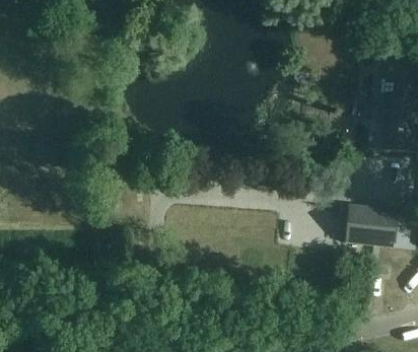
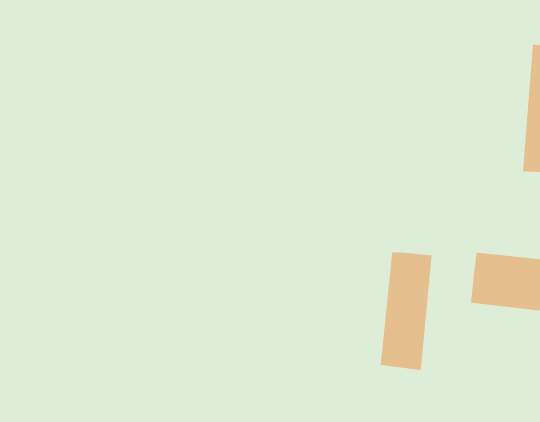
building: none -> [380,252,432,371]

